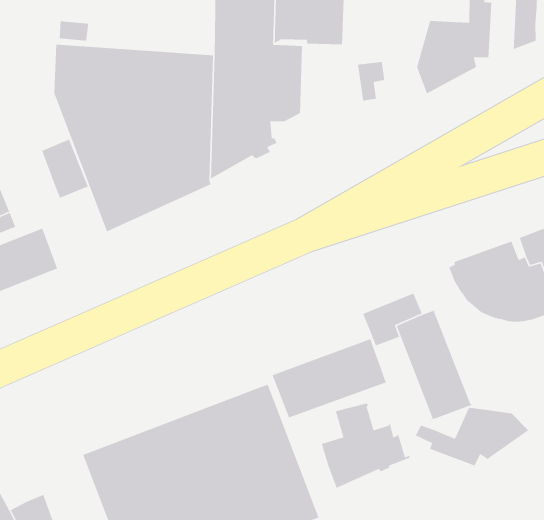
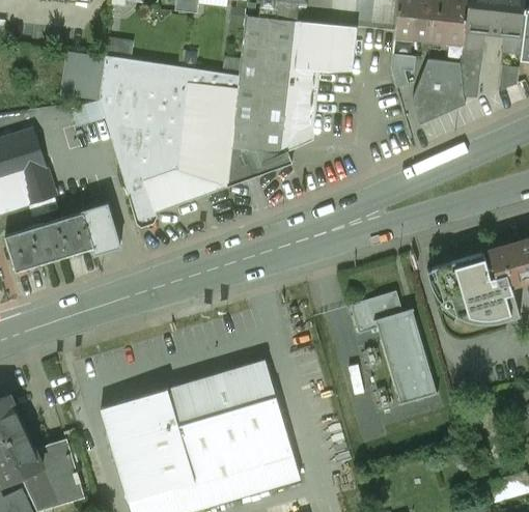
building: [357,61,385,101] -> [392,52,415,85]
building: [41,139,89,199] -> [82,204,120,255]
building: [271,338,387,419] -> none
building: [321,402,411,489] -> none
building: [415,407,529,466] -> none

